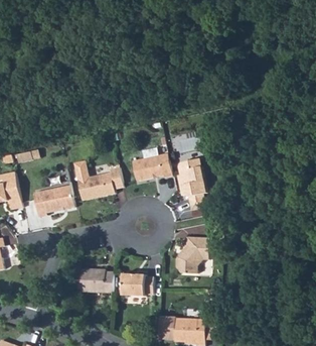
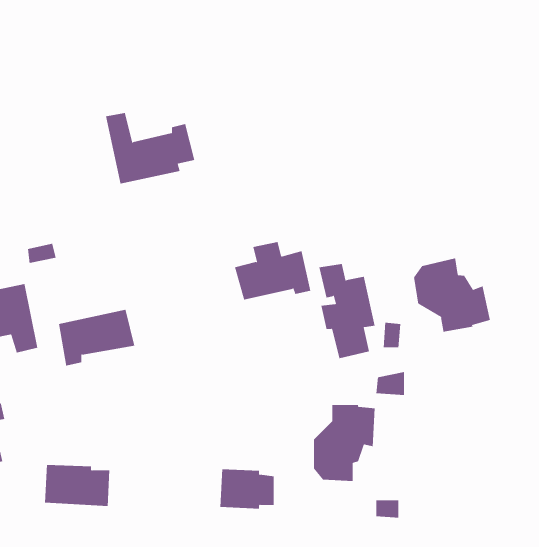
building: none -> [414,258,491,333]
building: [75,161,125,201] -> [105,113,195,184]
building: [77,270,114,294] -> [44,464,110,507]

